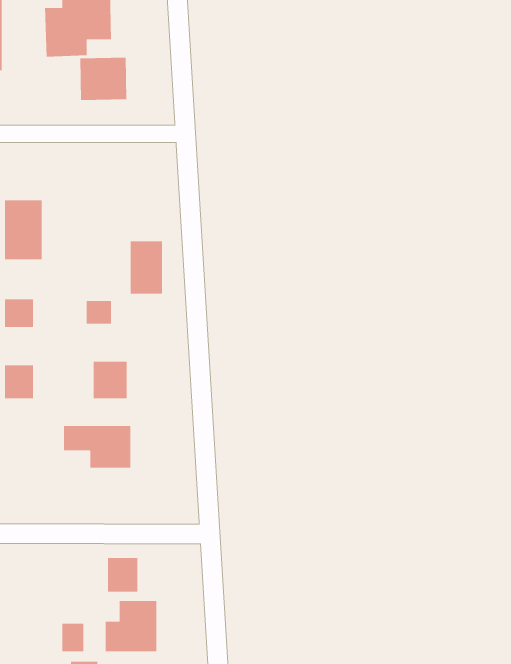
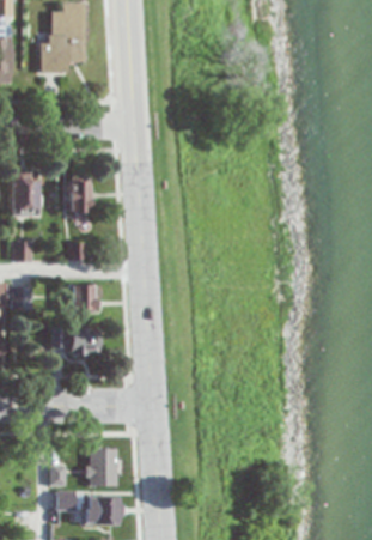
building: [79,57,127,101] -> none
building: [130,241,163,294] -> [68,175,91,212]
building: [107,557,138,592] -> none

